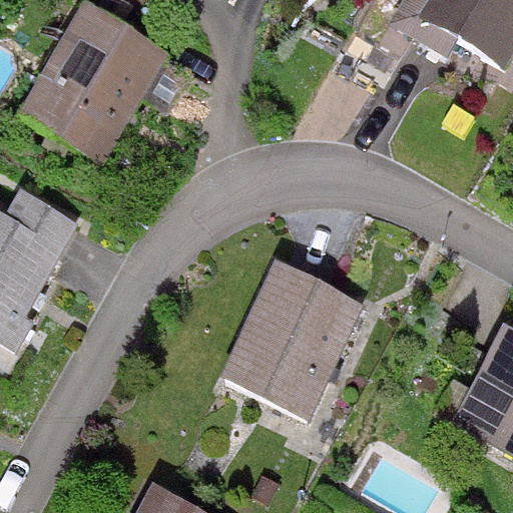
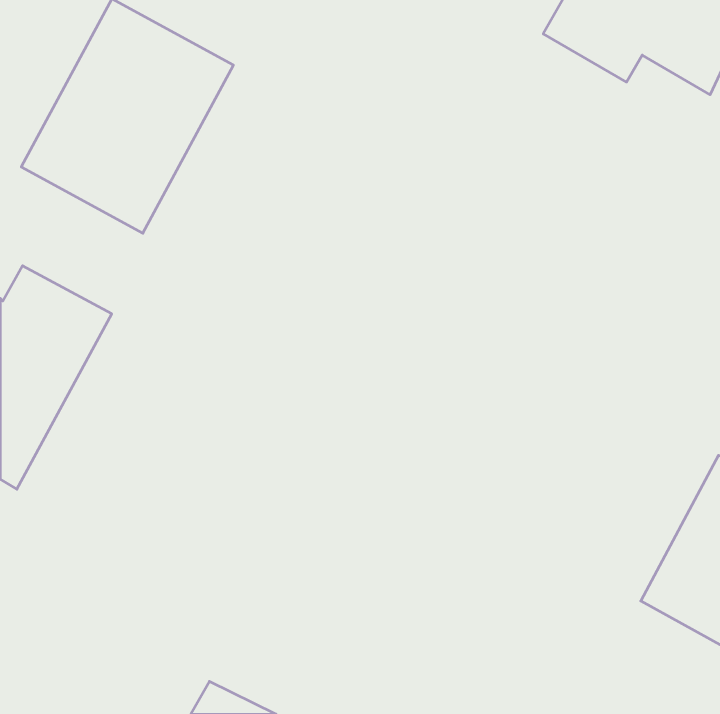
building: [219,261,361,417] -> none

